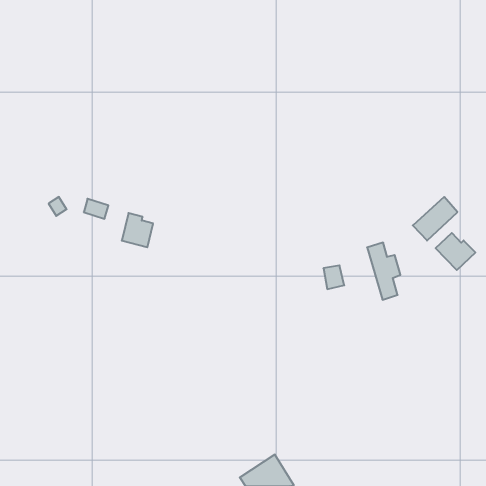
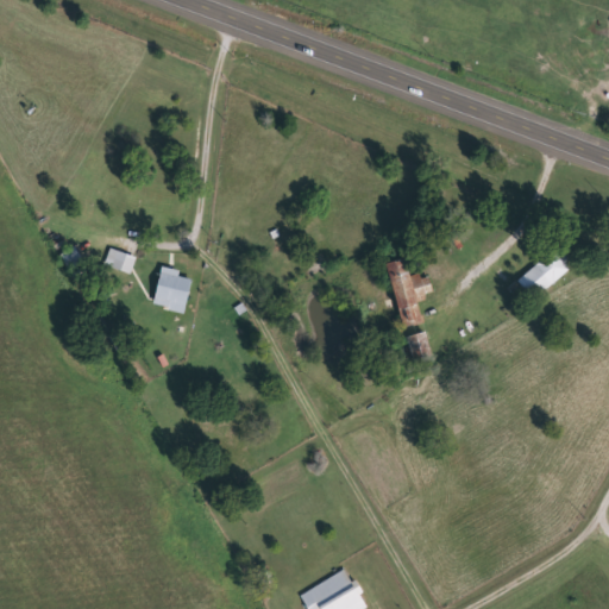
building: [436,233,475,270] -> none
building: [367,243,400,300] -> [383,258,425,329]

